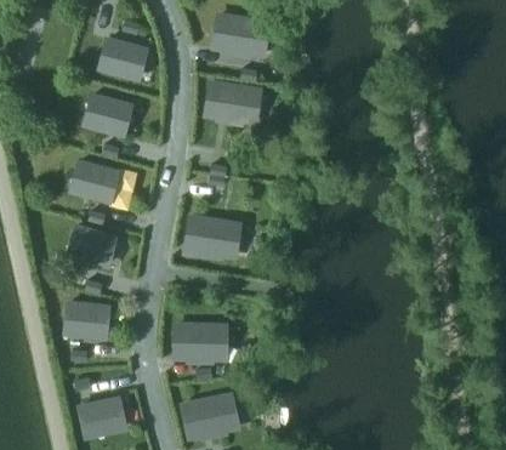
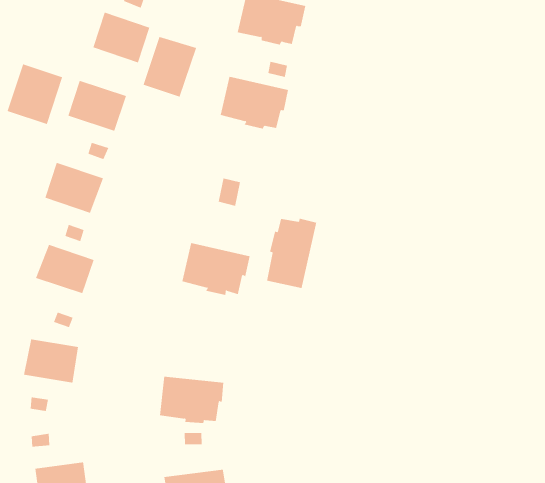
building: none -> [143,36,197,98]
building: none -> [7,63,63,125]
building: none -> [266,218,317,289]

